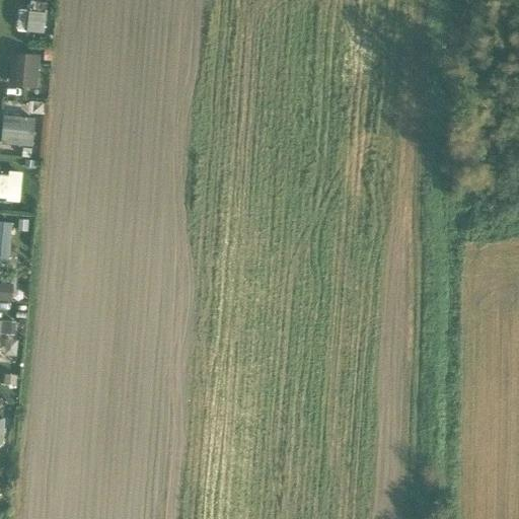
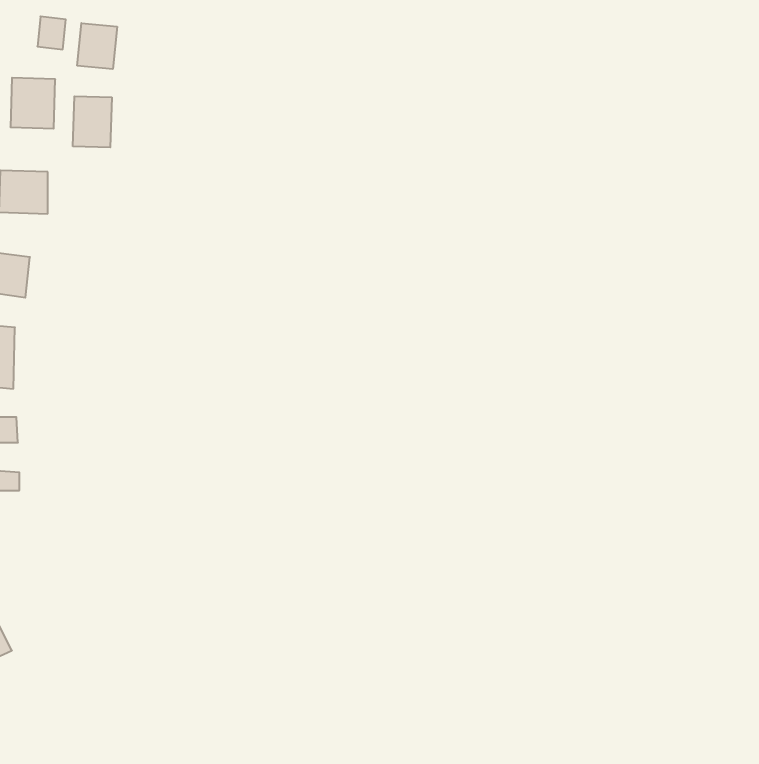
building: none -> [77,23,117,69]
building: none -> [73,96,112,147]

